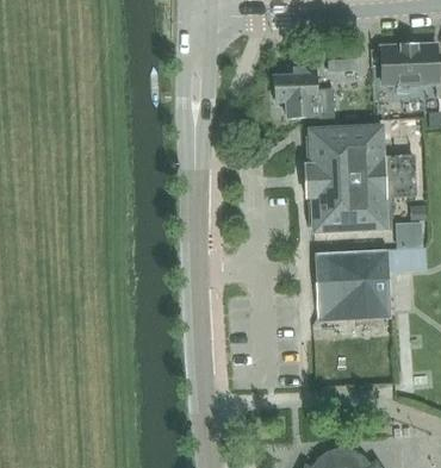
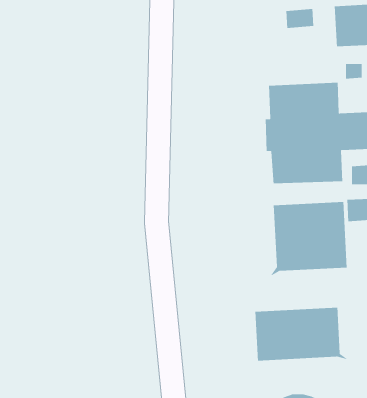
building: [274,65,334,118] -> none
building: none -> [255,307,348,361]

